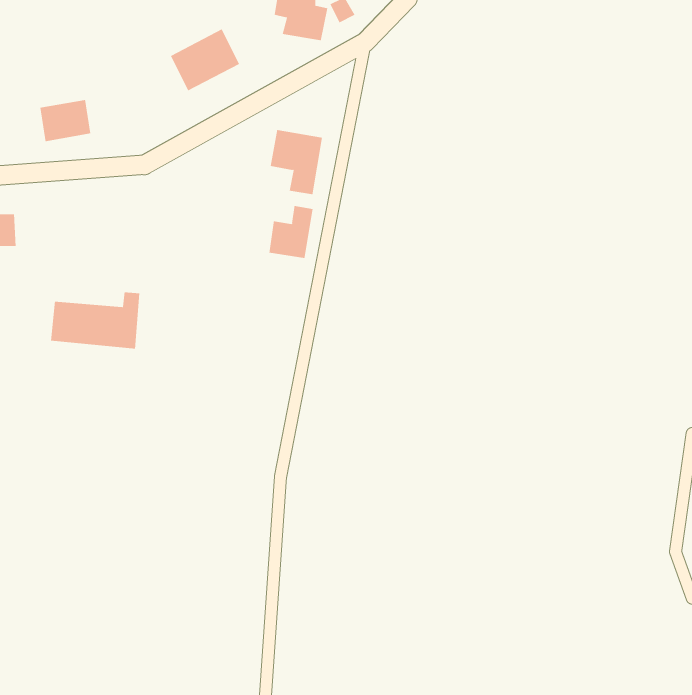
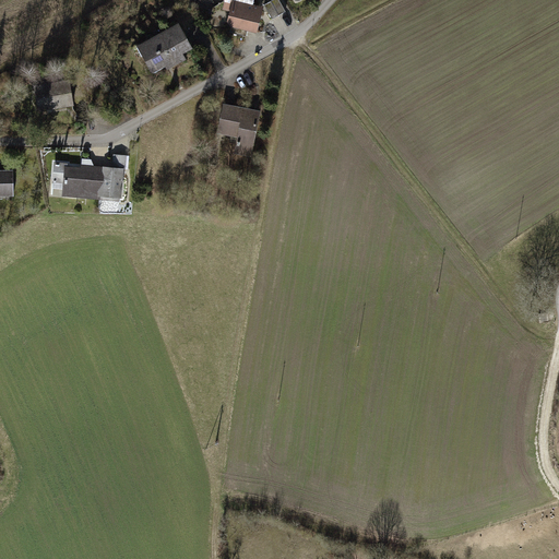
building: [269,205,313,259] -> none
building: [50,292,140,349] -> [51,155,123,201]

